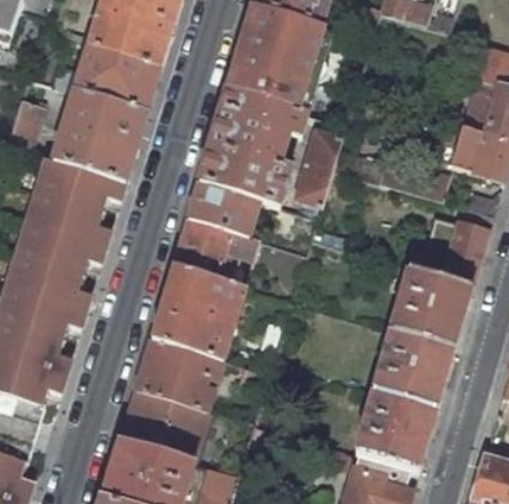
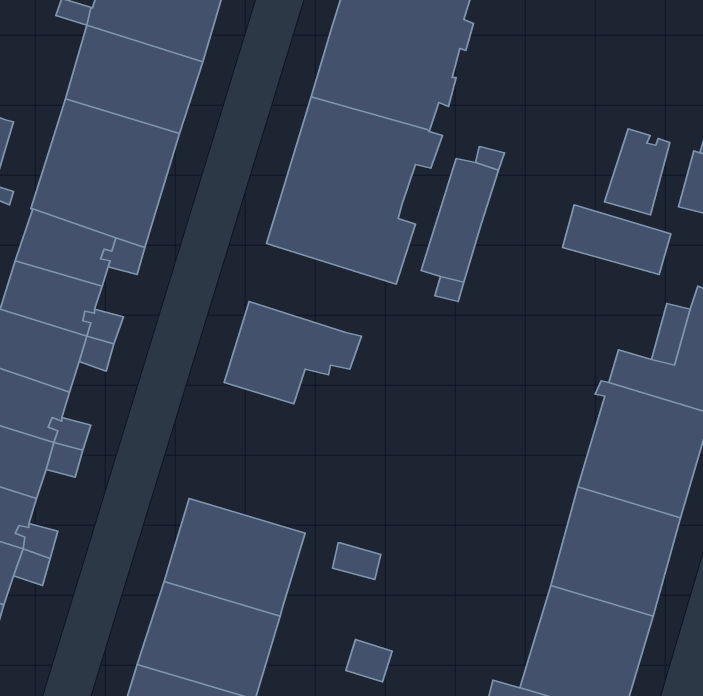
building: none -> [604,129,670,215]
building: [187,182,259,237] -> none
building: [151,267,243,360] -> none

